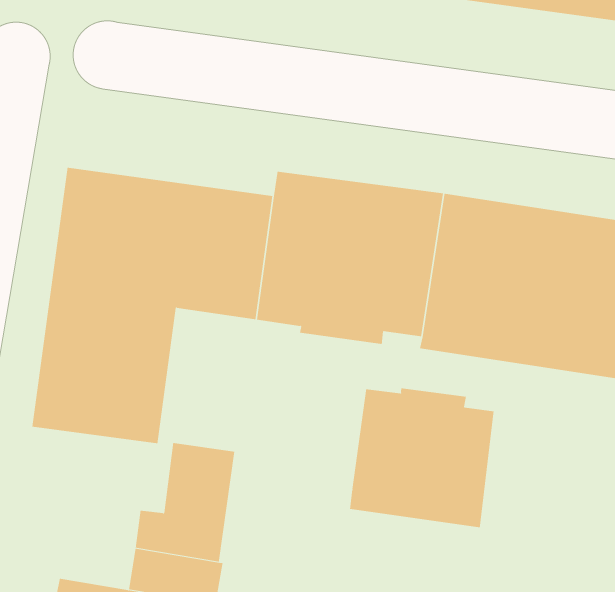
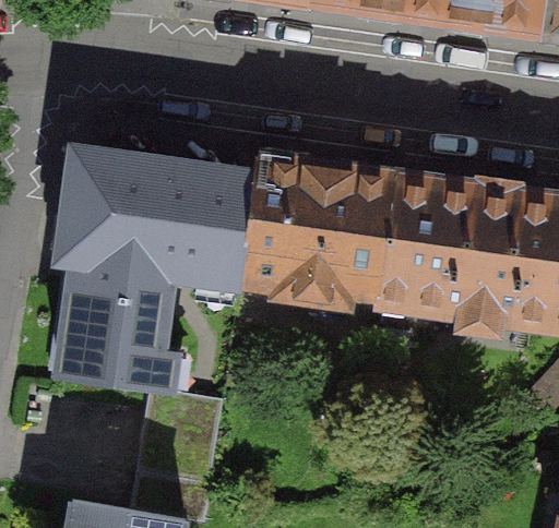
building: [350,388,494,528] -> none

